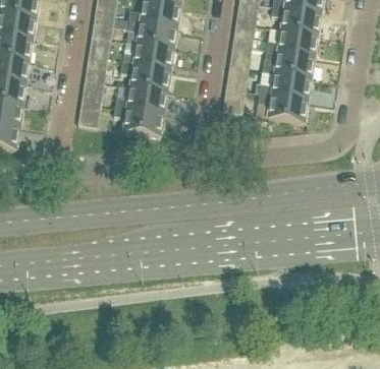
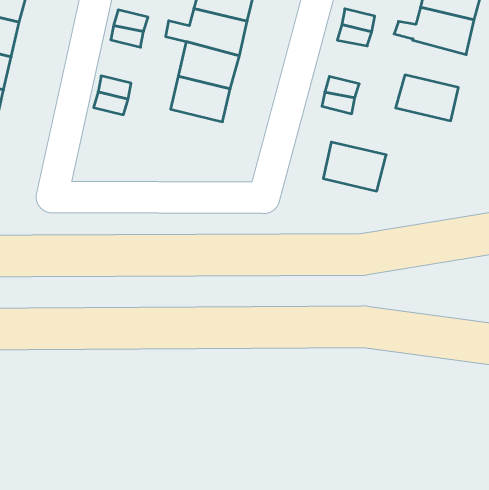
building: [274,49,312,76] -> none
building: [267,93,306,121] -> [323,142,386,191]
building: [123,106,161,134] -> none

